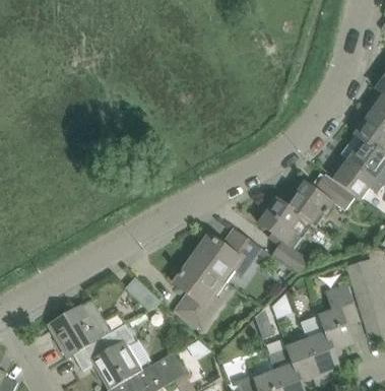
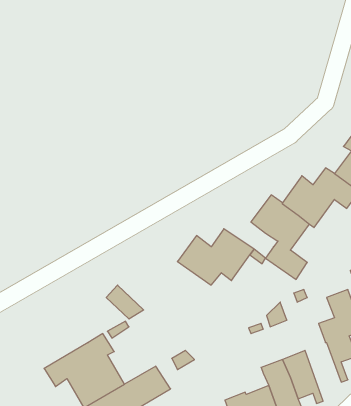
building: [174,258,222,329] -> none
building: [48,299,112,357] -> none
building: [301,314,340,384] -> none

